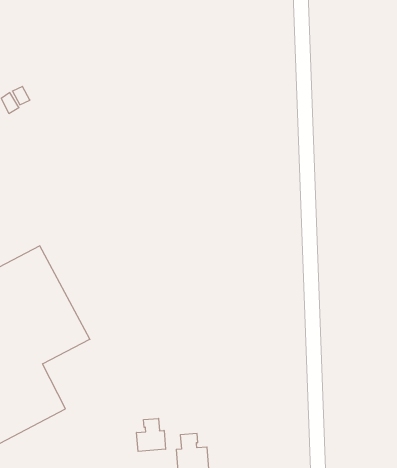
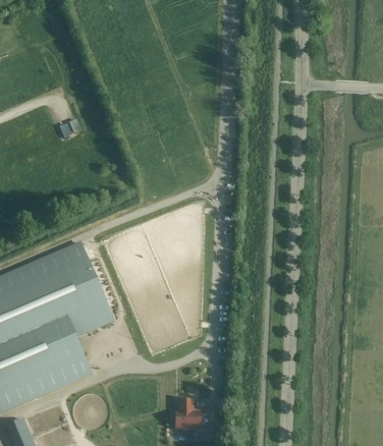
building: [137,418,166,451] -> none

